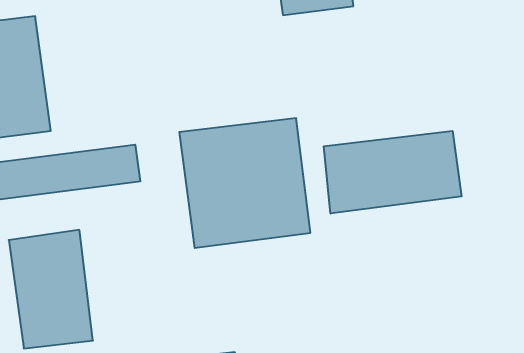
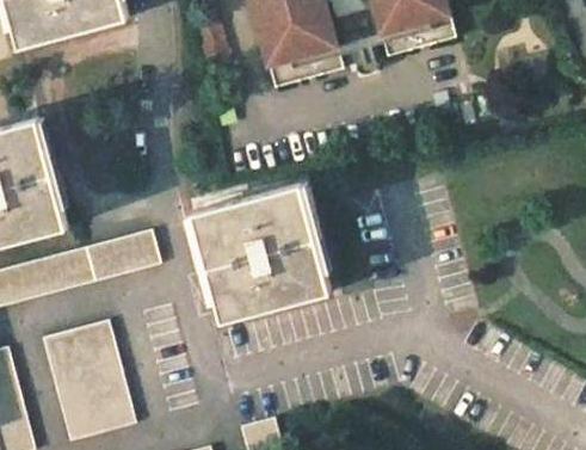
building: [324,131,462,214] -> none

